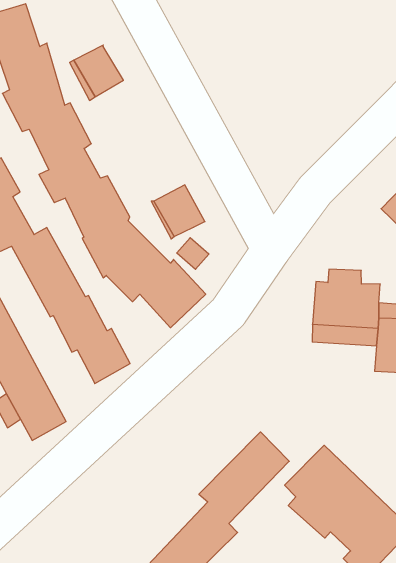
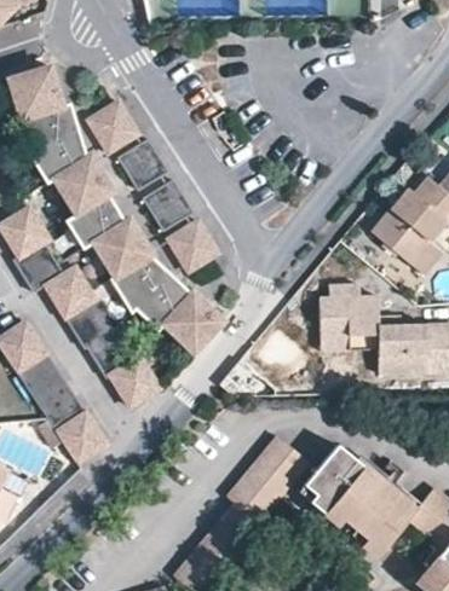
building: none -> [114,138,163,189]
building: none -> [140,178,189,227]

